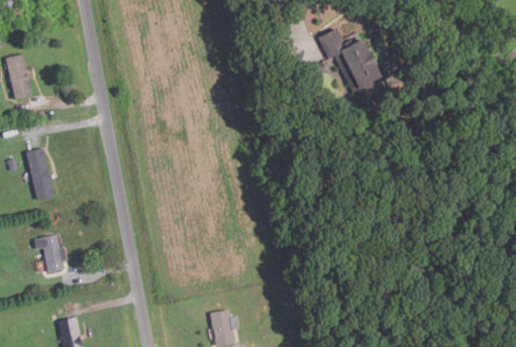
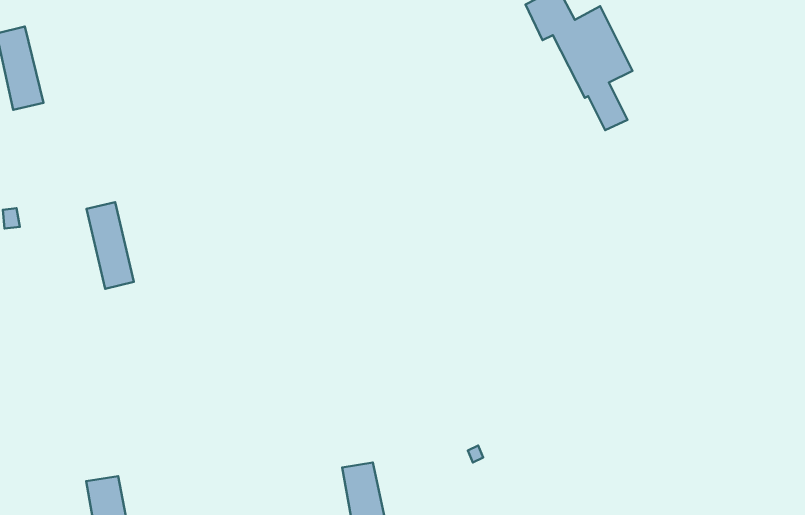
building: [26,149,55,201] -> [86,202,134,289]
building: [40,235,67,272] -> none

